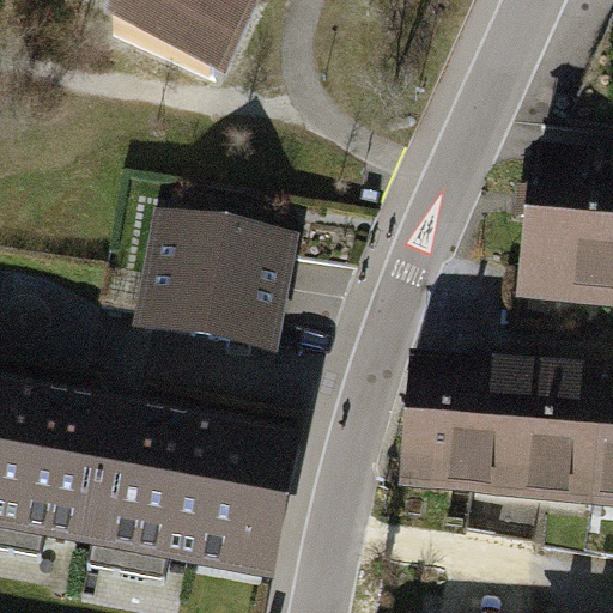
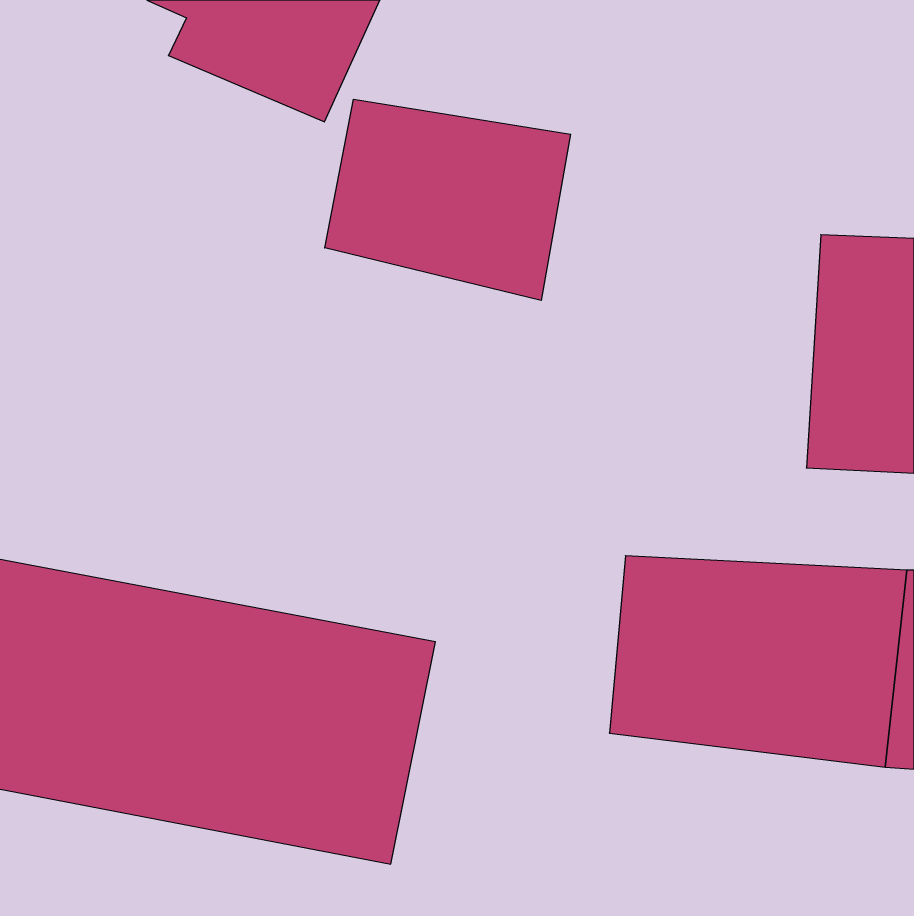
building: none -> [325,99,571,300]
building: [141,220,296,356] -> none

